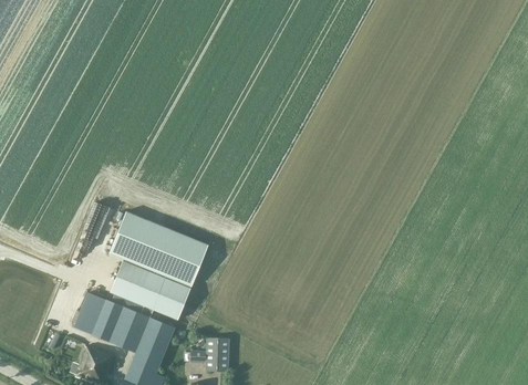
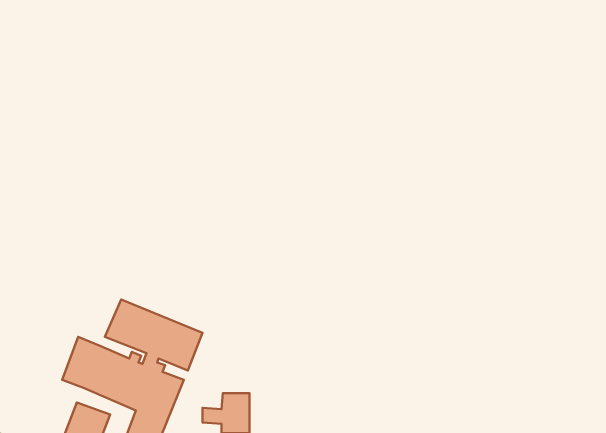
building: [108,212,207,287] -> none

